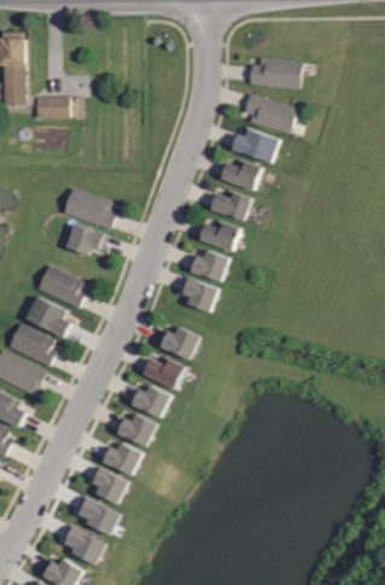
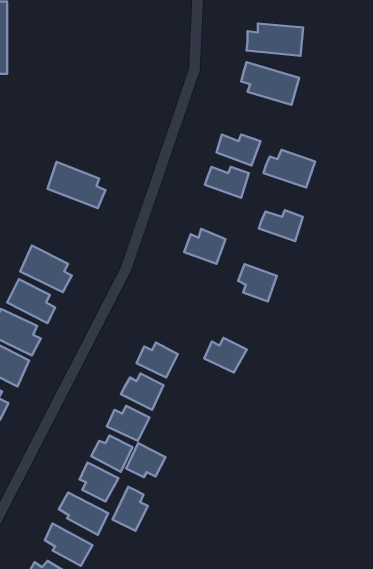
building: [35,95,68,117] -> none
building: [231,127,279,162] -> [263,150,315,187]
building: [198,221,239,250] -> [259,210,303,241]
building: [64,223,106,255] -> none
building: [181,276,217,311] -> [238,264,277,302]
building: [159,326,199,358] -> [204,338,247,373]
building: none -> [126,443,165,477]
building: none -> [113,487,148,531]

